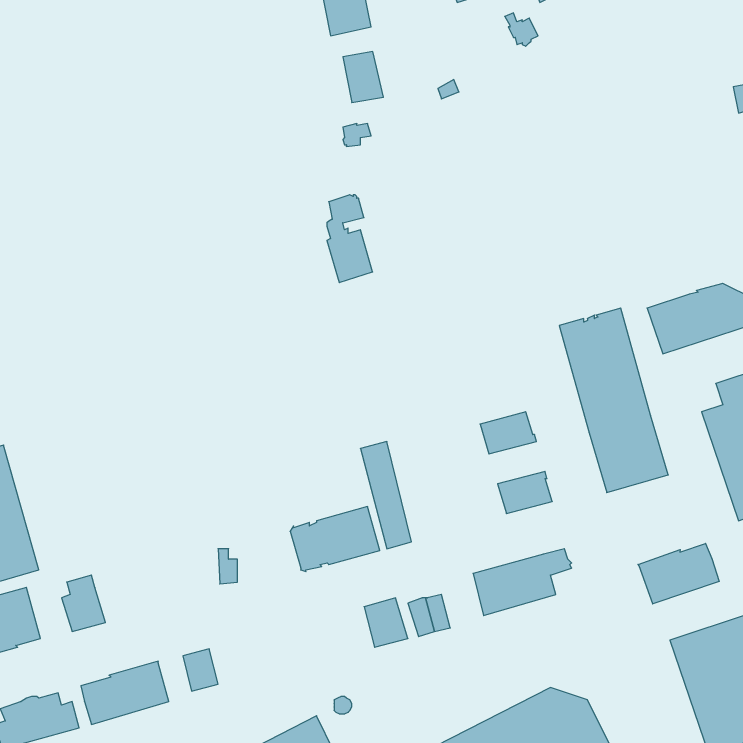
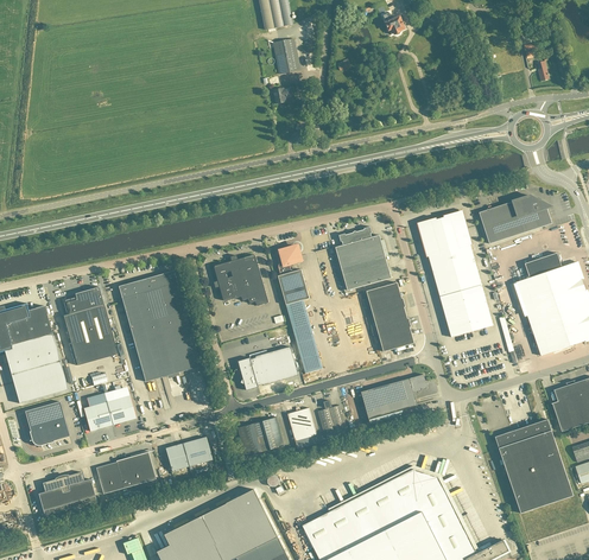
building: [327,195,373,283] -> [278,246,309,305]
building: none -> [335,227,391,291]
building: none -> [214,255,268,306]
building: none -> [118,271,200,381]
building: none -> [61,286,118,357]
building: none -> [372,303,410,331]
building: [638,543,719,604] -> none
building: none -> [103,388,135,425]
building: none -> [238,418,284,457]
building: none -> [183,437,211,466]

